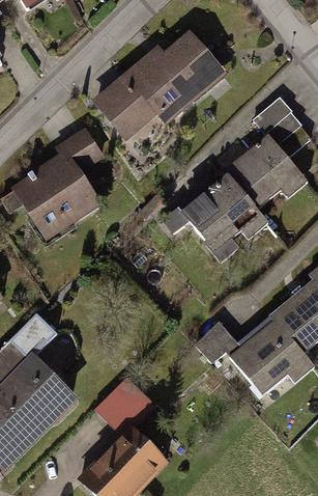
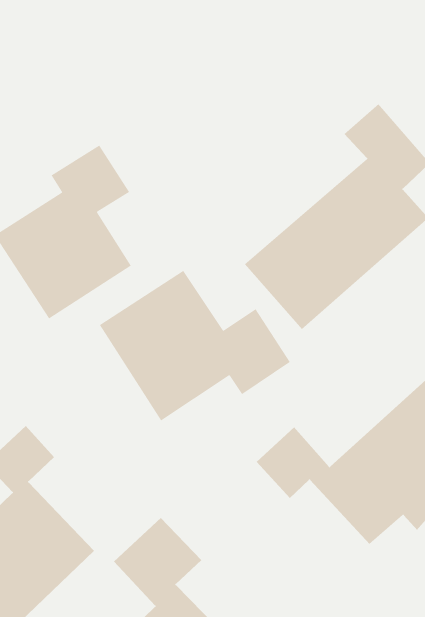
building: [93,33,228,137] -> none
building: none -> [99,270,291,421]

